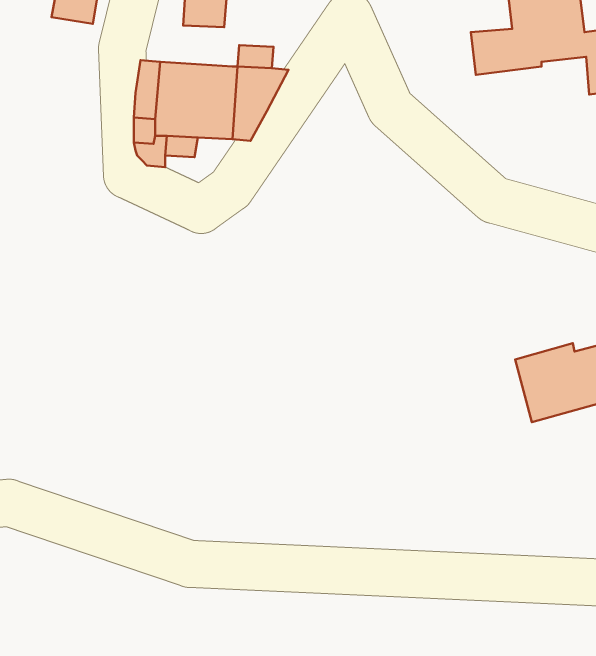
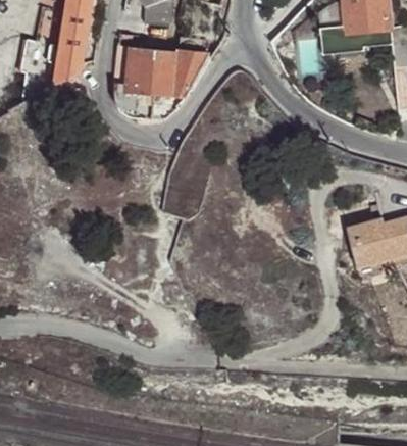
building: none -> [51,17,88,88]

